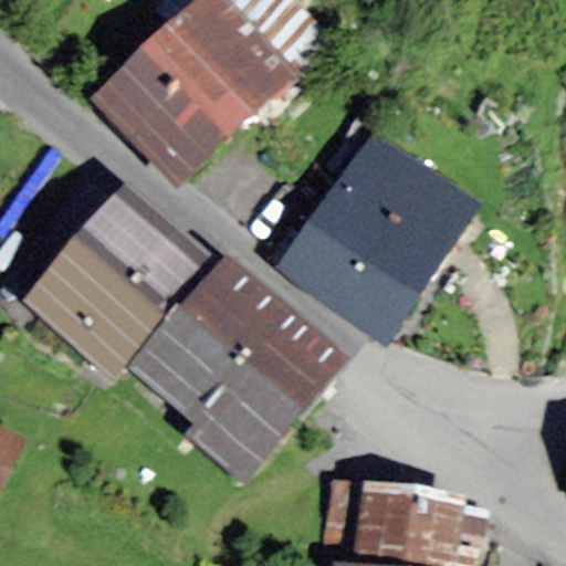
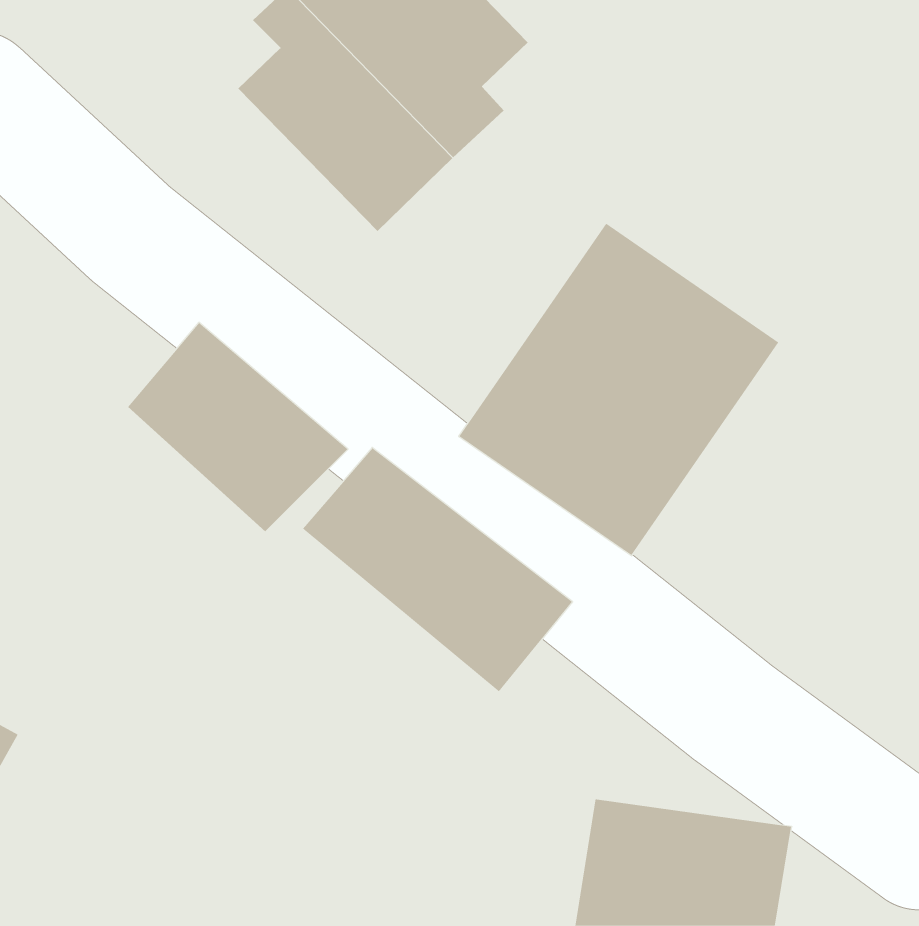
building: [95,53,227,185] -> none
building: [22,244,159,379] -> none
building: [137,317,300,483] -> none

